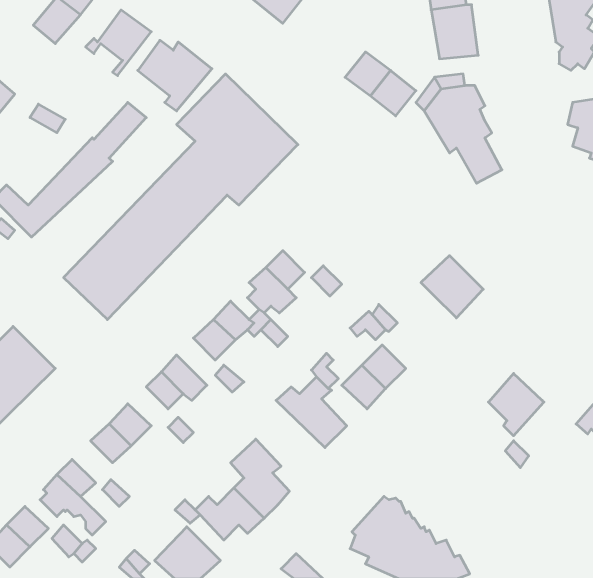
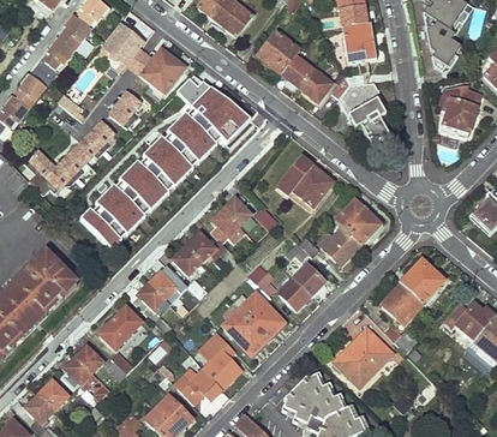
building: none -> [258,31,300,74]
building: none -> [41,37,74,72]
building: none -> [277,157,330,208]
building: none -> [322,229,360,267]
building: none -> [399,261,444,305]
building: none -> [222,305,267,354]
building: none -> [335,330,393,387]

